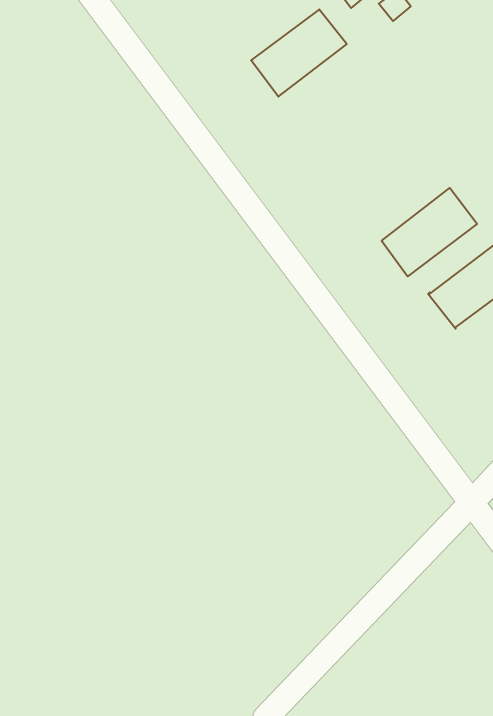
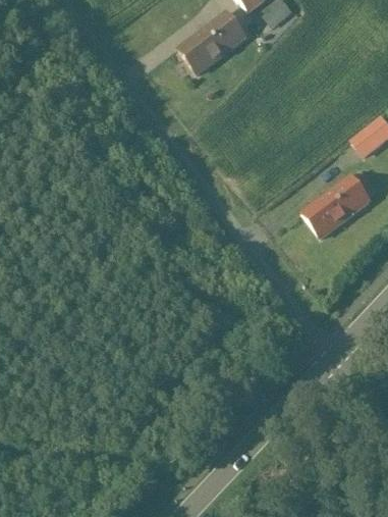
building: [382,188,477,276] -> none

